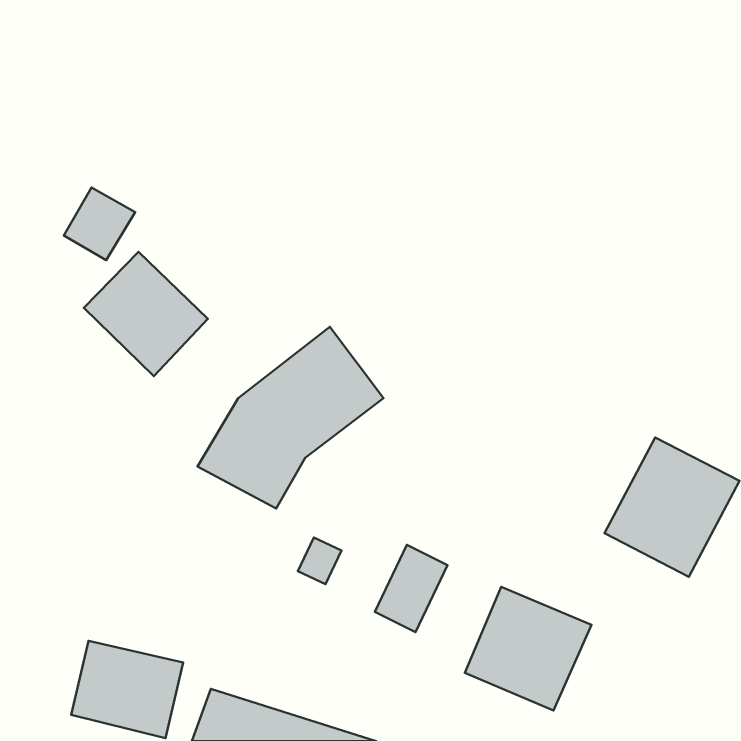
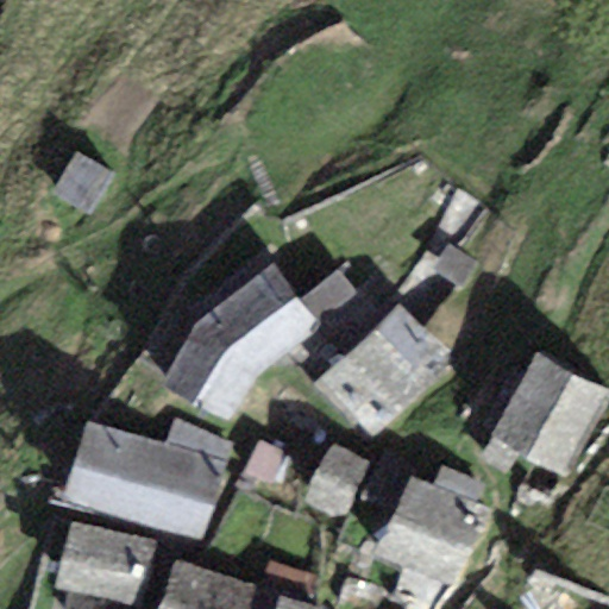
building: [84,252,208,376] -> none
building: none -> [321,308,448,435]
building: none -> [65,426,219,535]

